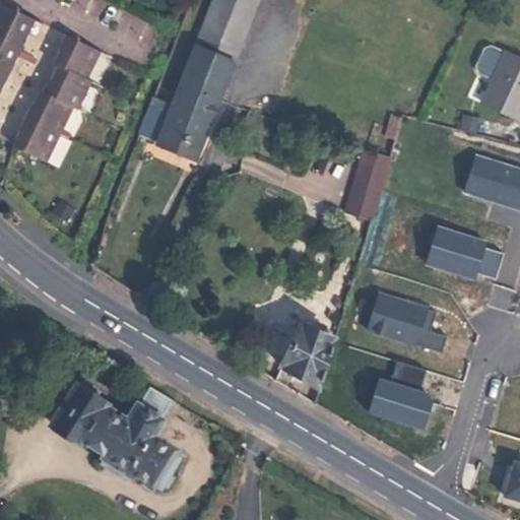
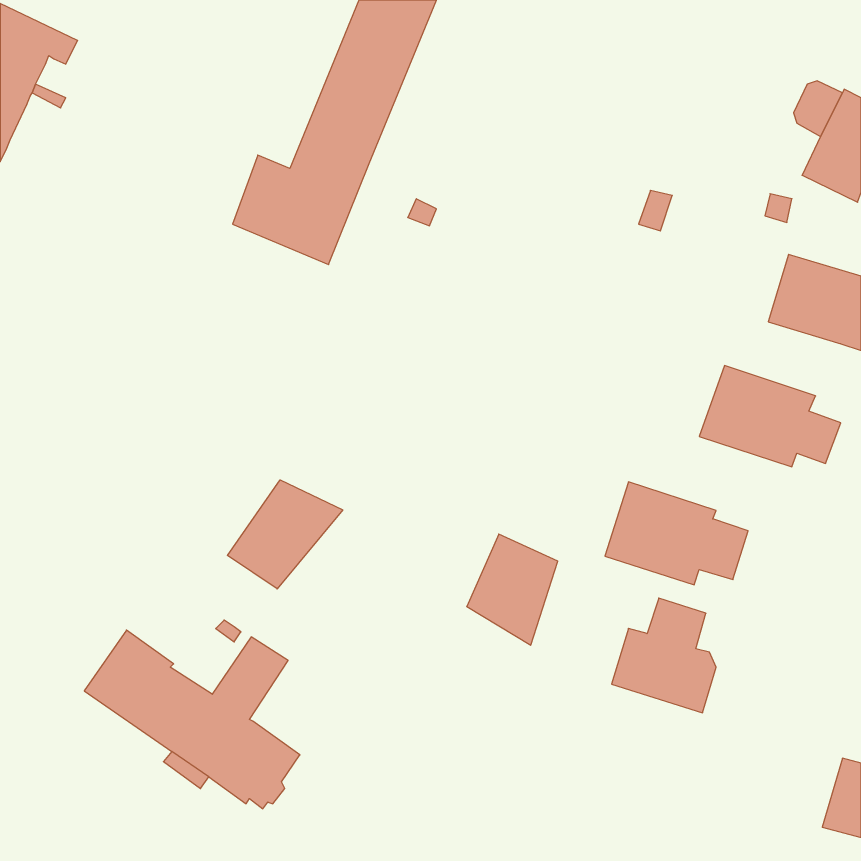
building: [18,36,102,162] -> none
building: [345,150,392,219] -> none
building: none -> [227,480,343,589]

